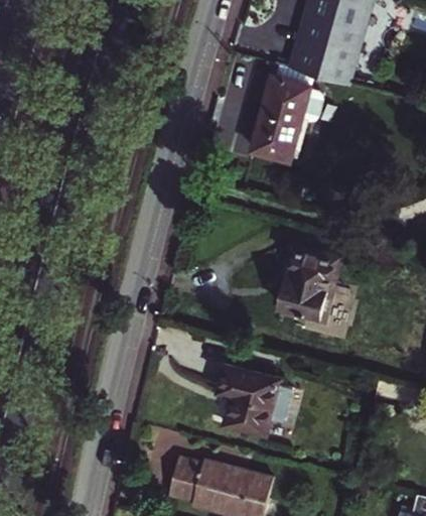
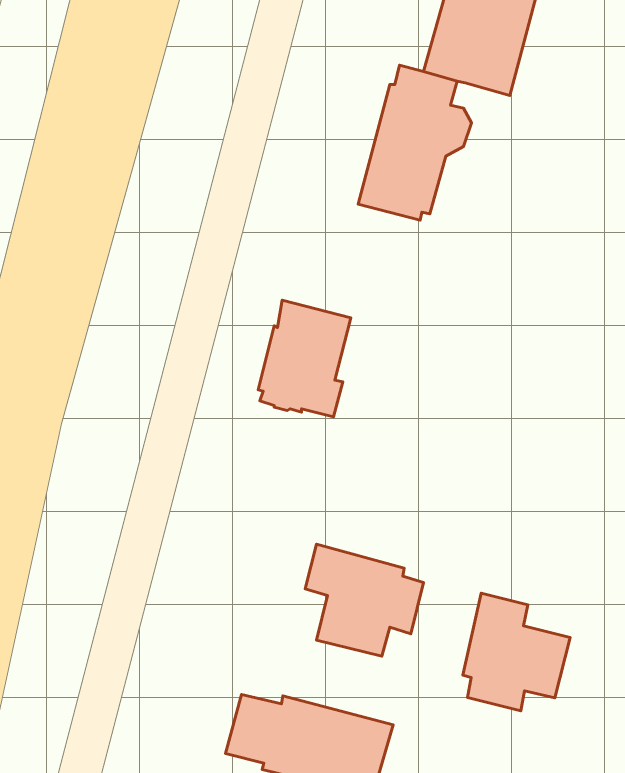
building: [278,247,336,320] -> [258,300,351,417]
building: none -> [463,593,570,711]

